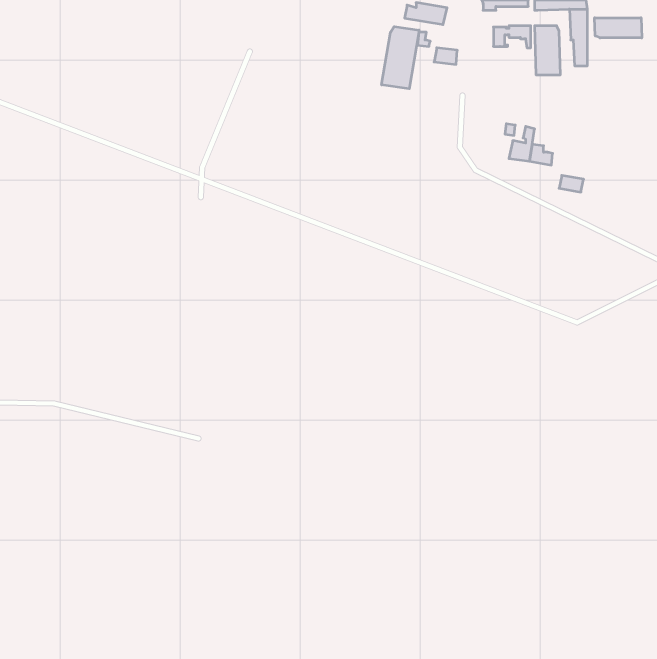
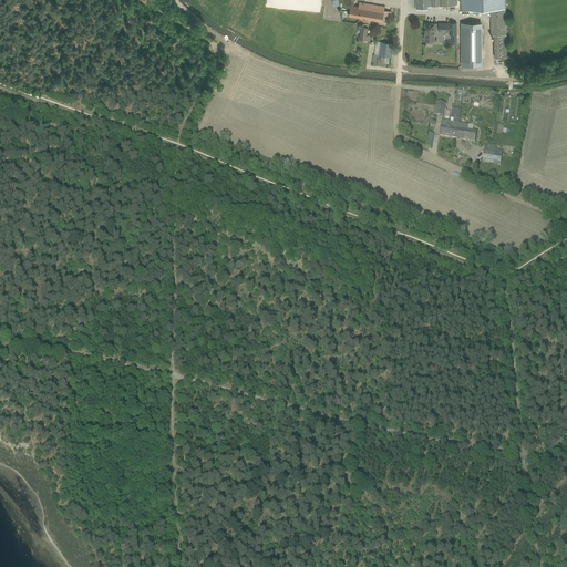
building: [595,18,642,38] -> none
building: [382,27,419,89] -> none

